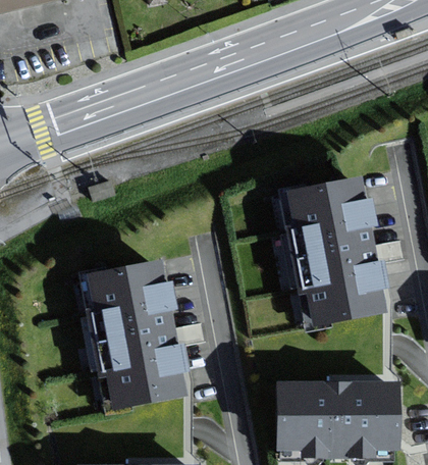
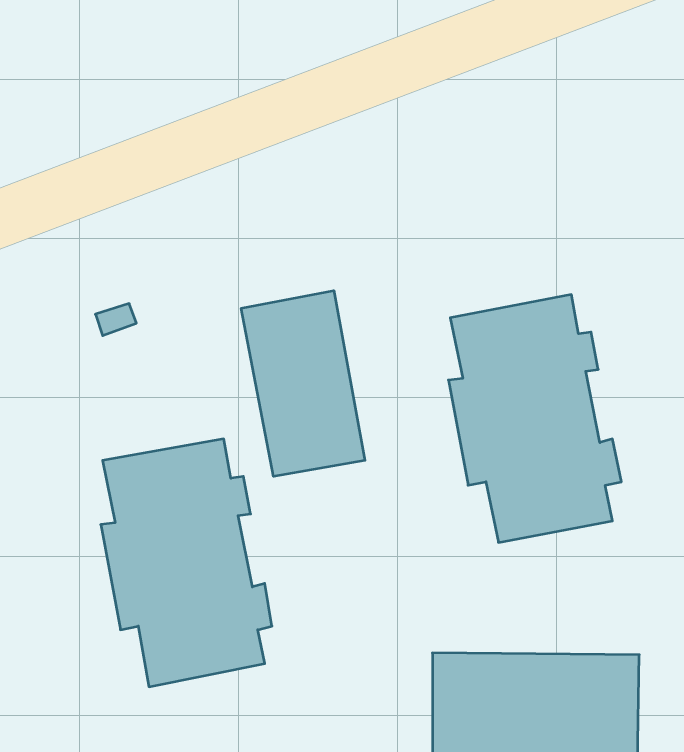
building: none -> [241,291,365,476]

